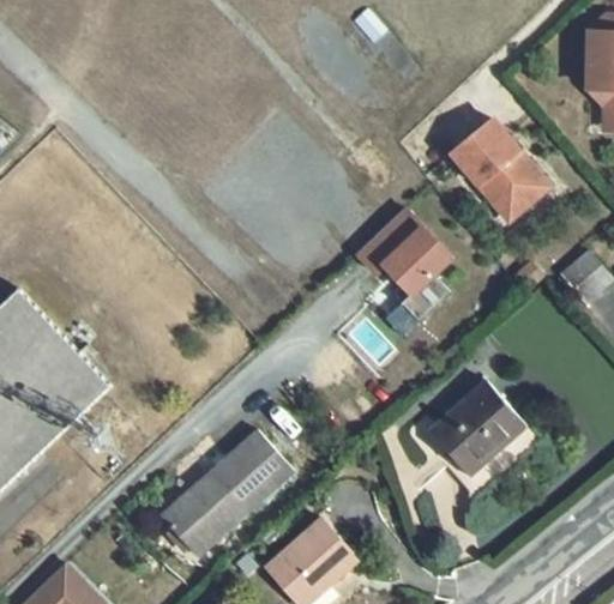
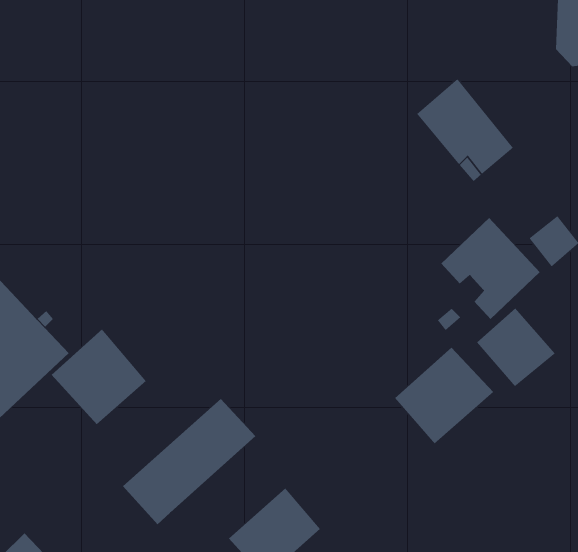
building: [355,206,453,307] -> [440,217,541,320]
building: none -> [476,308,556,387]
building: none -> [51,328,147,425]

